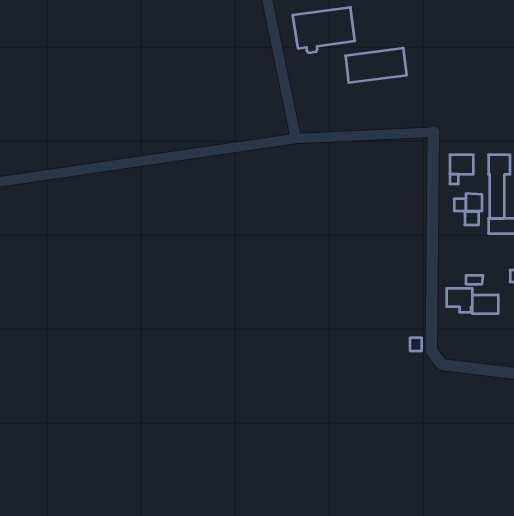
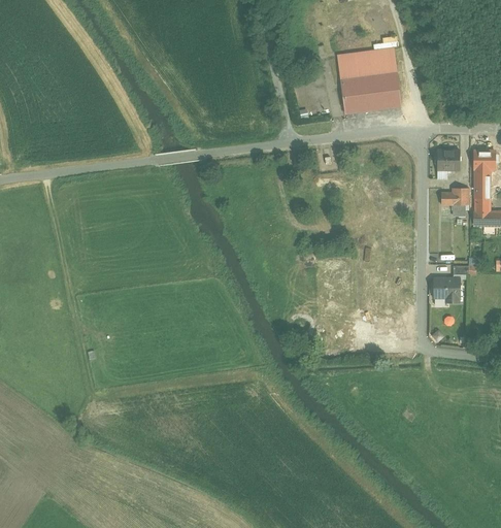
building: [293,7,355,53] -> [340,73,400,117]
building: [472,295,498,314] -> none

